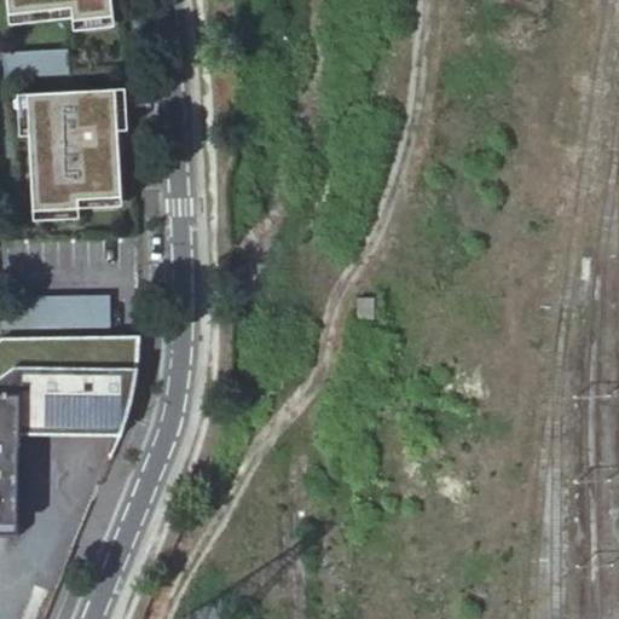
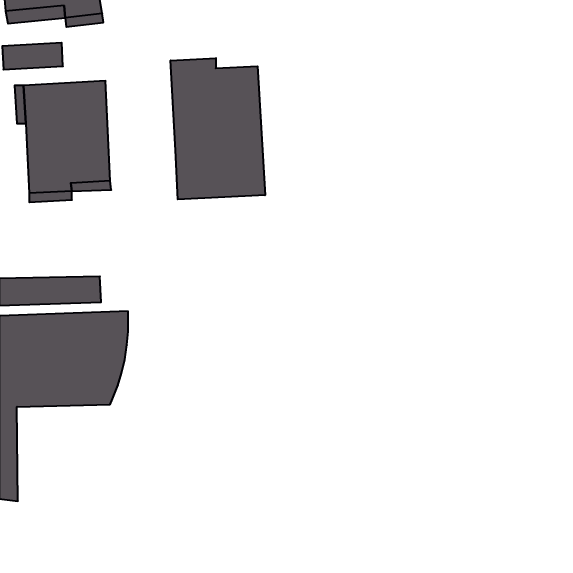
building: none -> [171,58,265,199]

